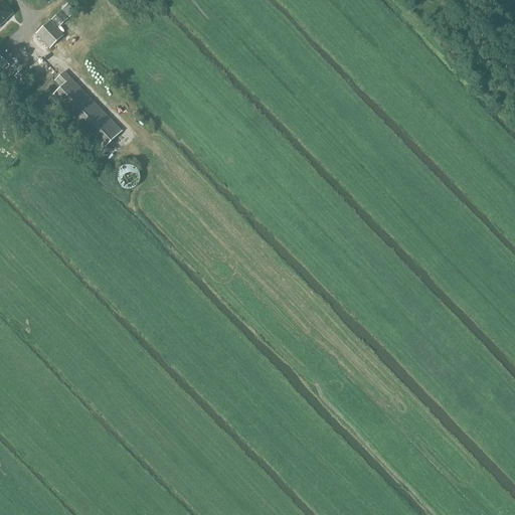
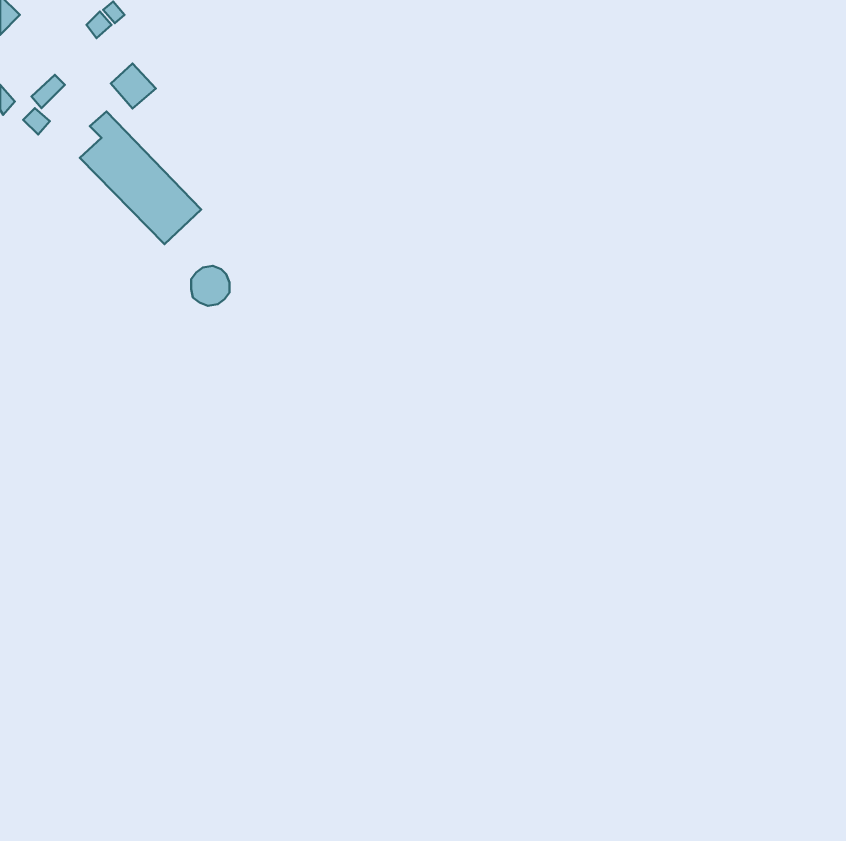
building: [38,17,65,44] -> [111,64,156,108]

